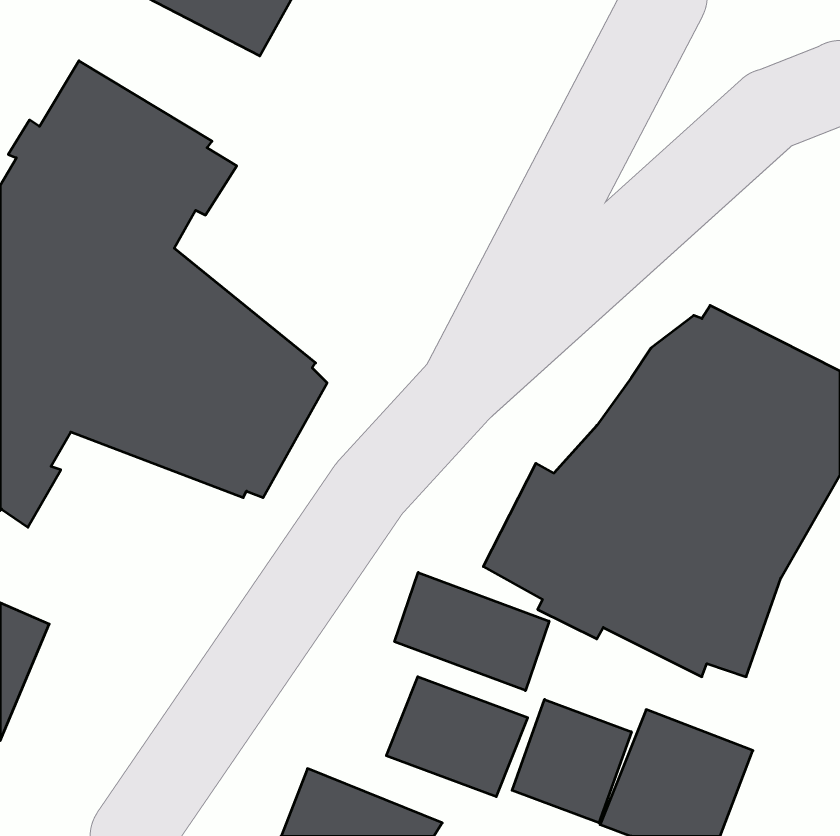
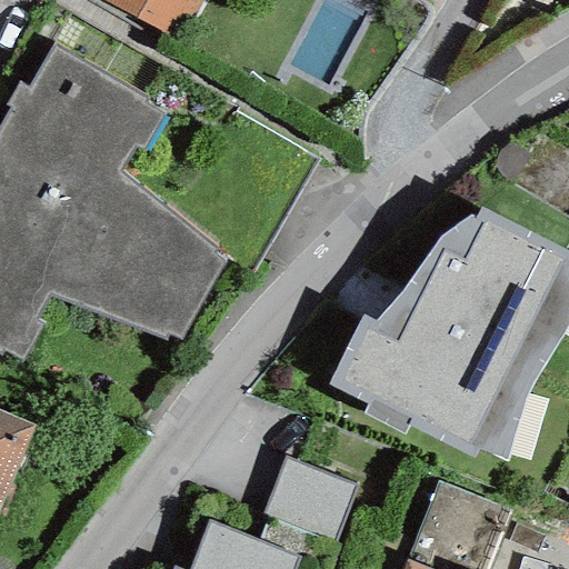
building: [395,572,549,691] -> none
building: [512,699,631,823] -> none

